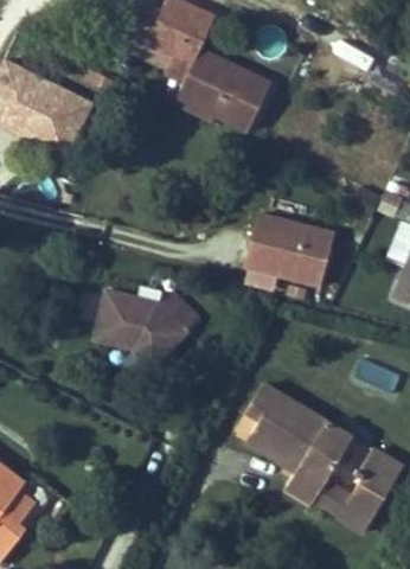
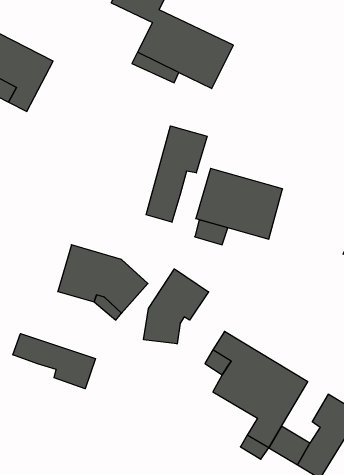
building: none -> [146,126,207,222]
building: none -> [144,269,209,344]
building: none -> [13,334,95,389]

